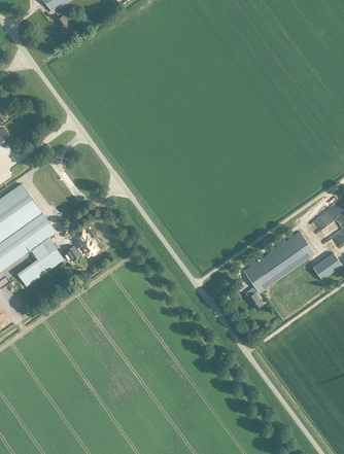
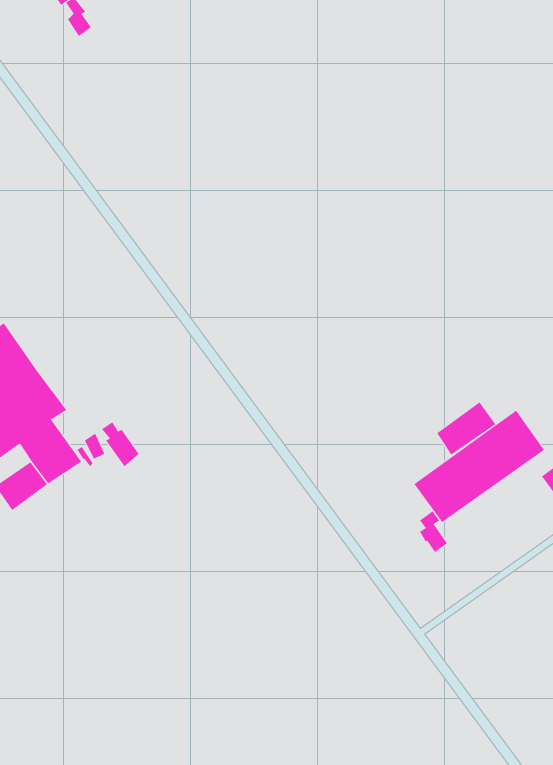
building: none -> [437,401,496,455]

